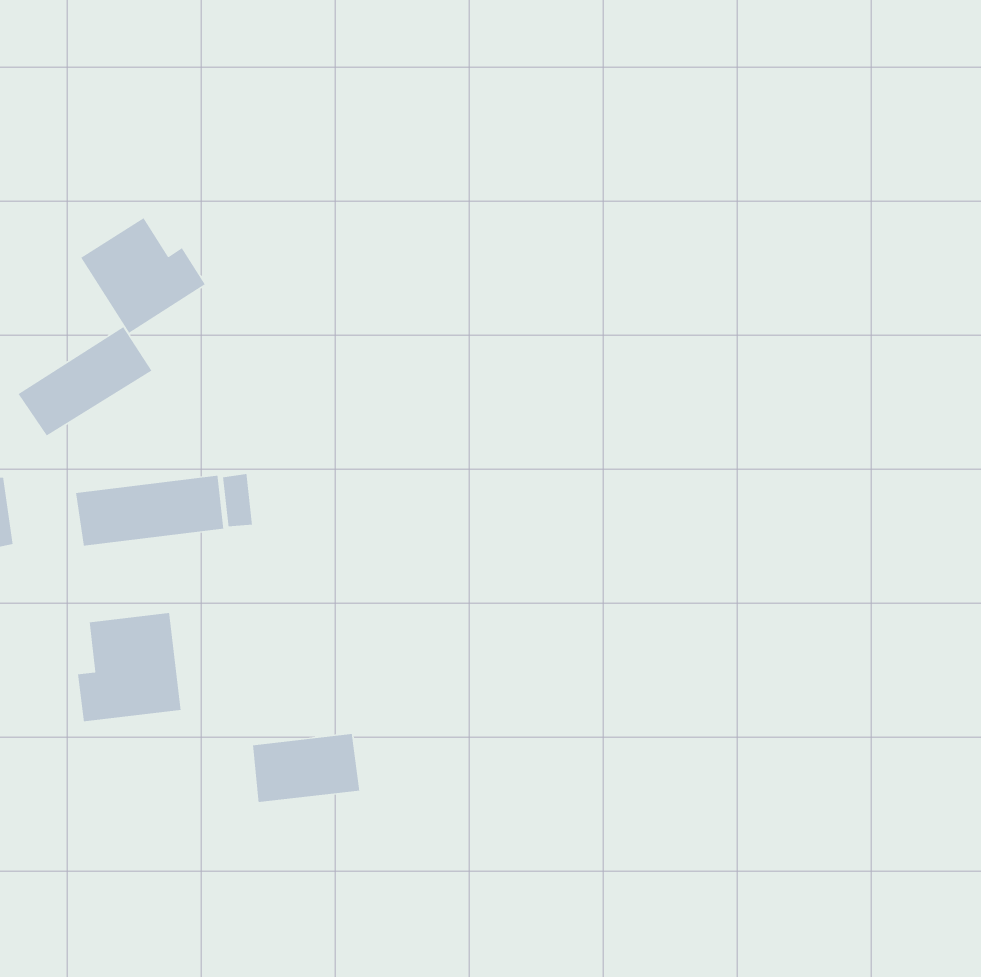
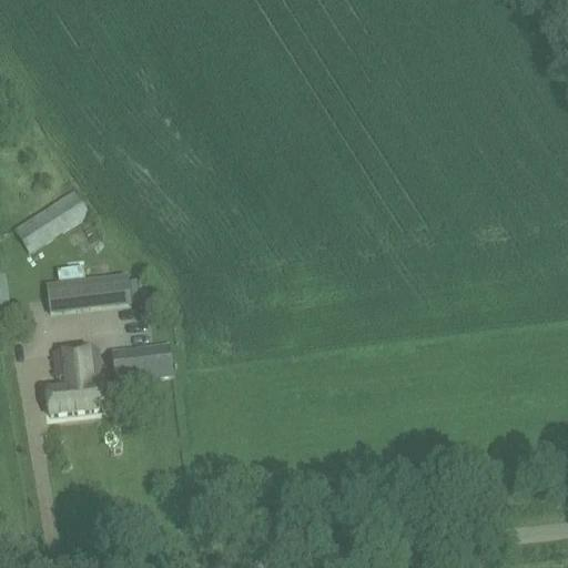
building: [80,217,206,334] -> none
building: [252,733,360,803] -> [110,342,172,382]

